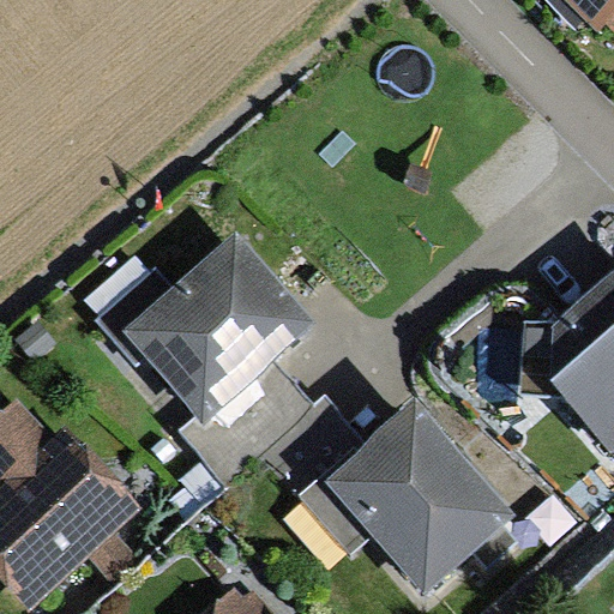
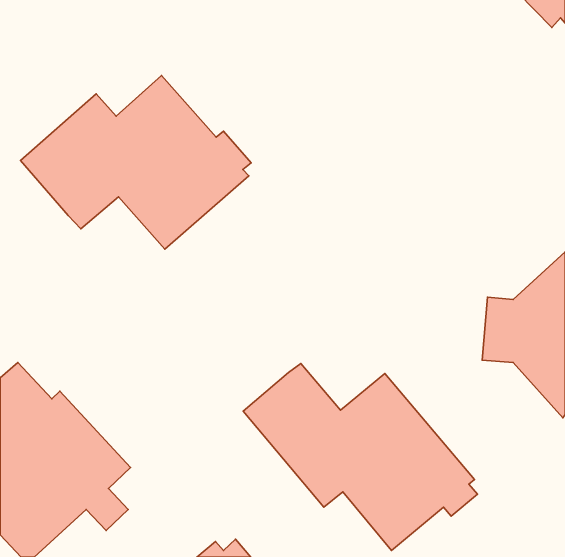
building: none -> [21,75,251,249]
building: [100,236,313,478] -> none

